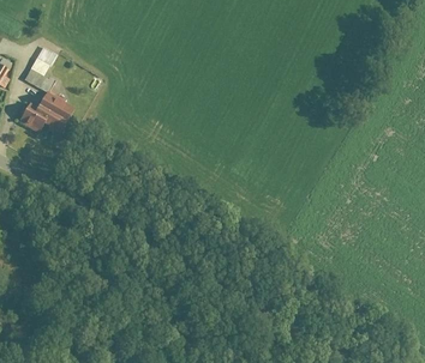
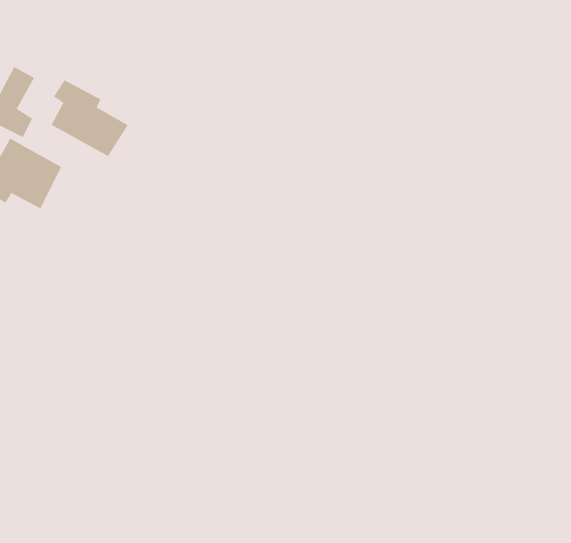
building: none -> [51,79,128,157]

